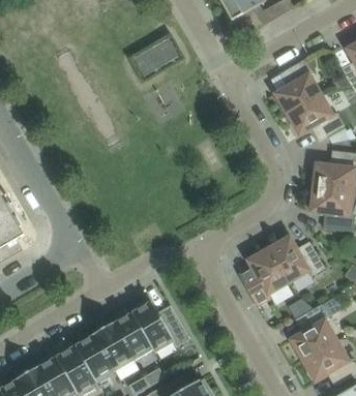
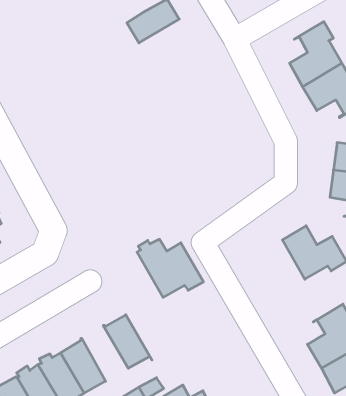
building: [238,248,288,306] -> none
building: [131,302,189,353] -> [137,239,203,297]
building: [93,323,134,371] -> none

